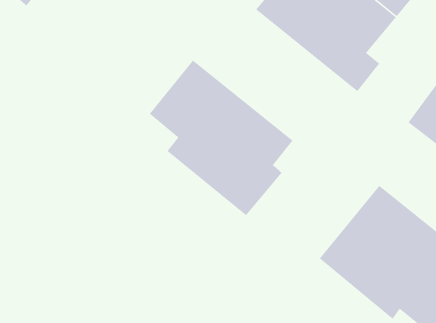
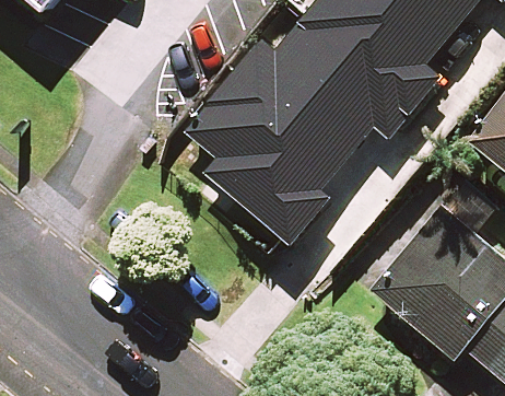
building: none -> [233,14,415,160]

